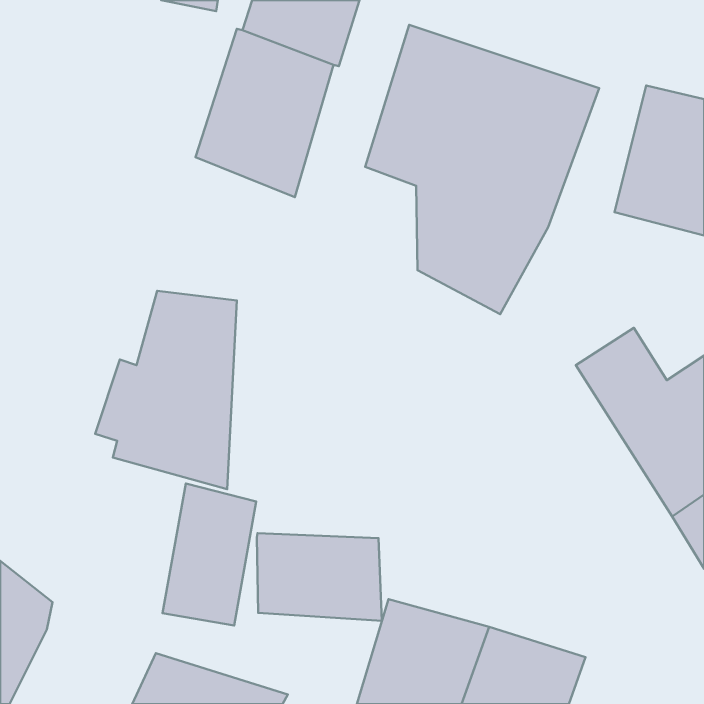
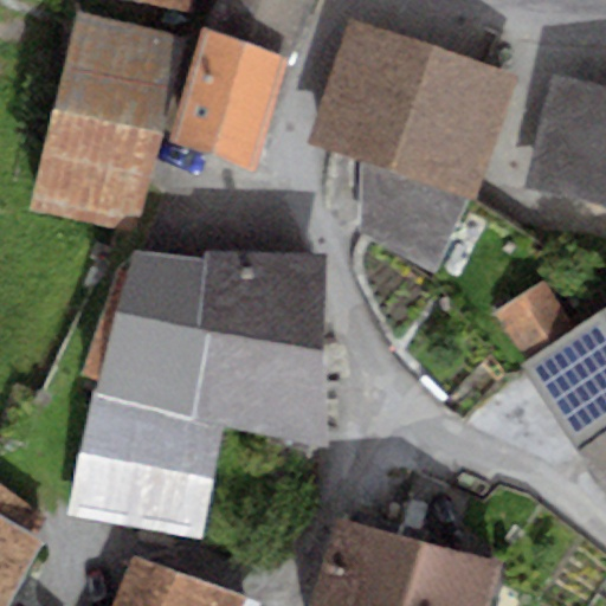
building: none -> [28,9,176,230]
building: none -> [195,250,321,445]
building: none -> [66,397,160,527]
building: [257,533,382,621] -> none

